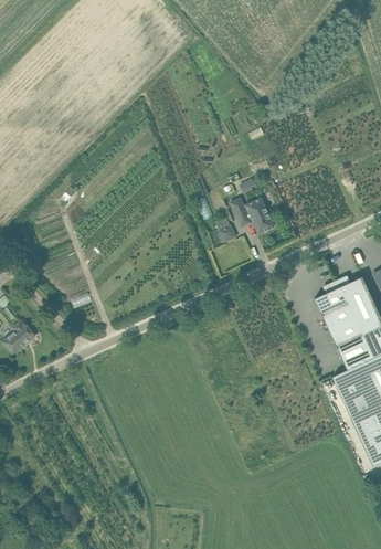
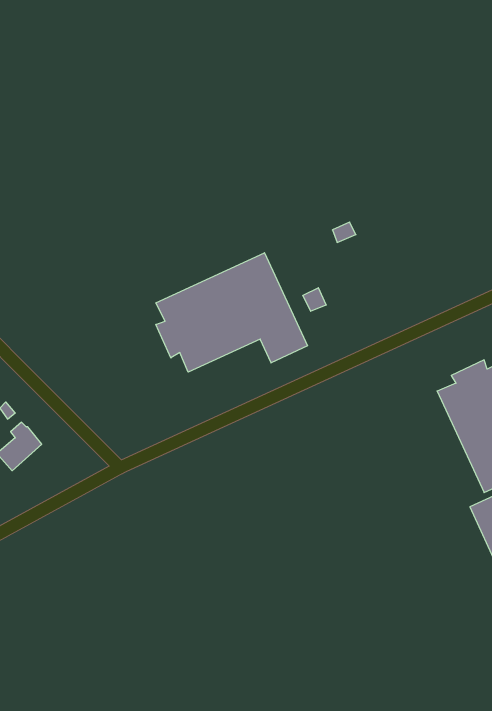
building: [230,198,274,234] -> none
building: none -> [156,253,308,372]

